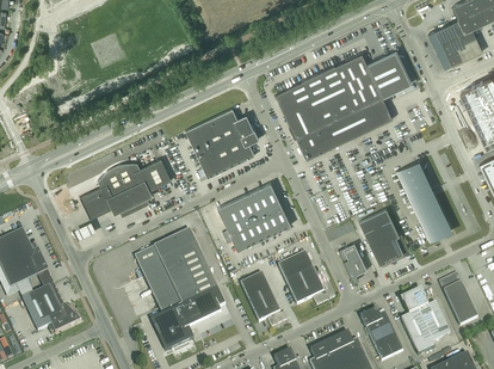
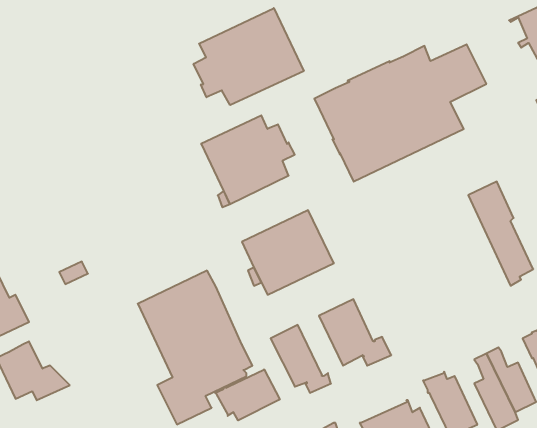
building: none -> [194,8,304,105]
building: [81,158,173,219] -> none
building: [360,208,412,264] -> none
building: [339,242,368,282] -> none
building: none -> [215,369,280,420]

